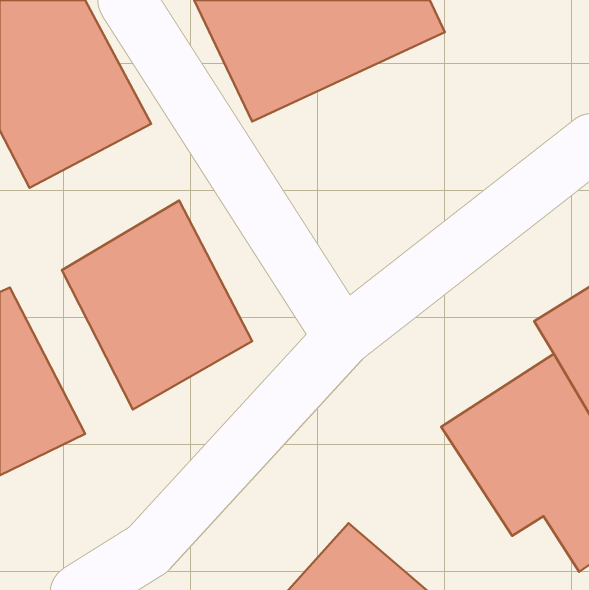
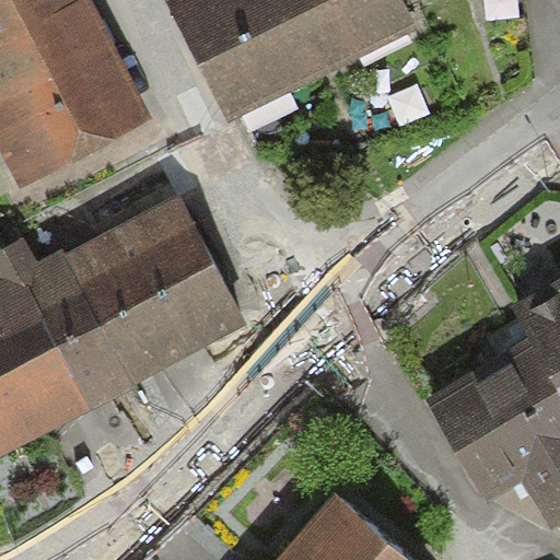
building: none -> [12,248,128,409]

